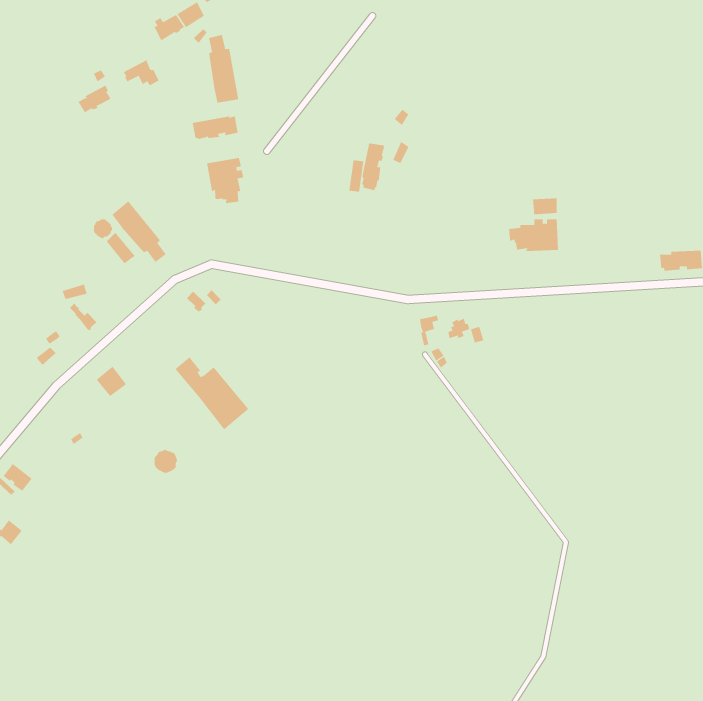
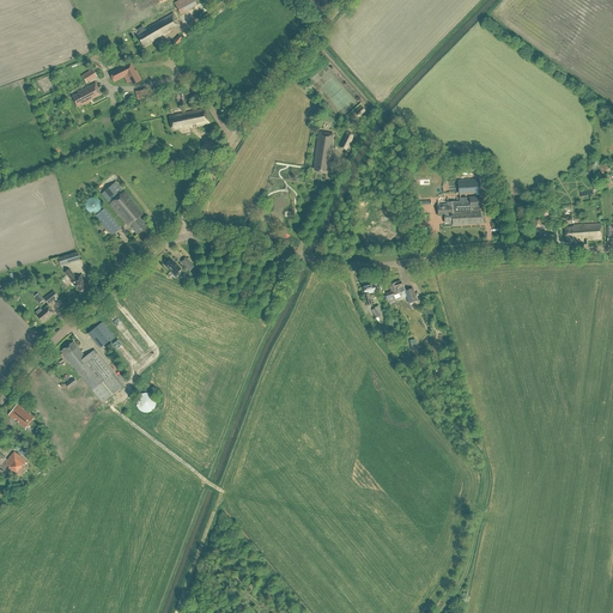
building: [208,34,239,104] -> none
building: [206,157,244,204] -> none
building: [174,357,249,430] -> [61,340,125,402]

